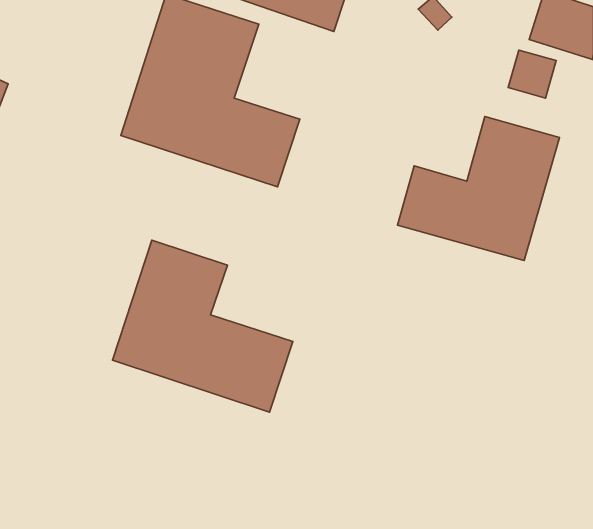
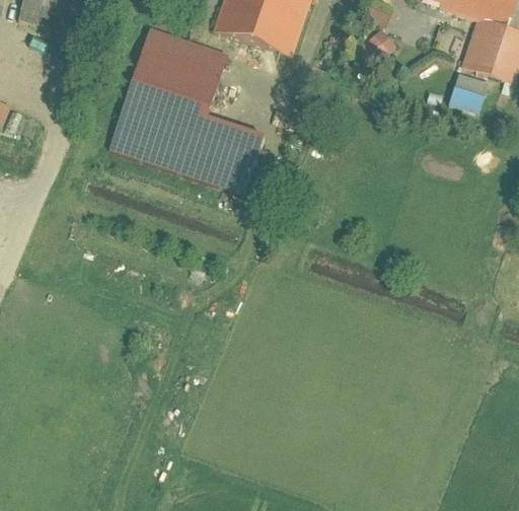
building: [397,117,559,261] -> none
building: [112,240,293,412] -> none

